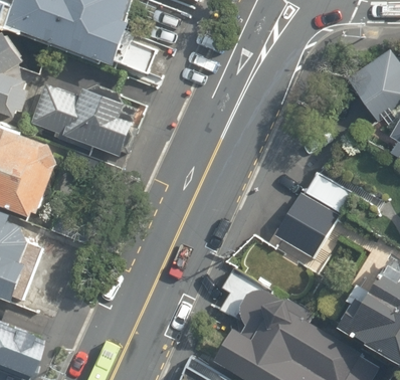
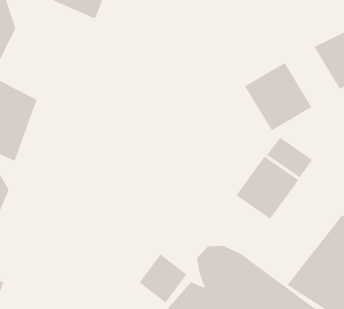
building: [35,83,136,156] -> none
building: none -> [244,62,312,131]
building: none -> [139,254,187,303]

